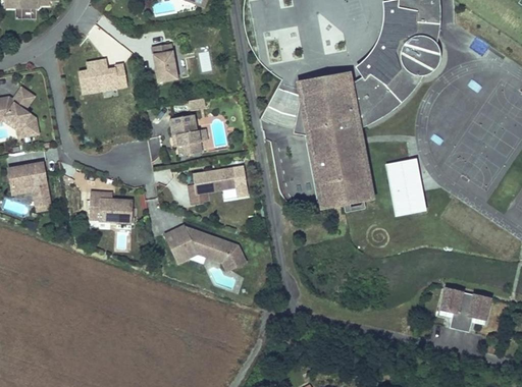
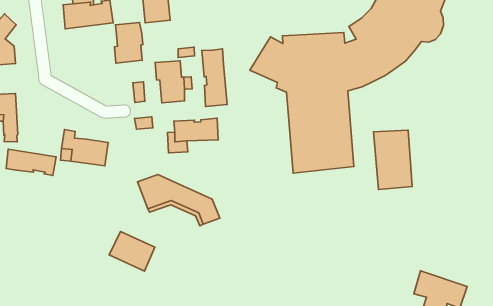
building: none -> [114,23,143,63]
building: none -> [202,49,227,106]
building: none -> [6,149,56,175]
building: none -> [109,231,155,271]

